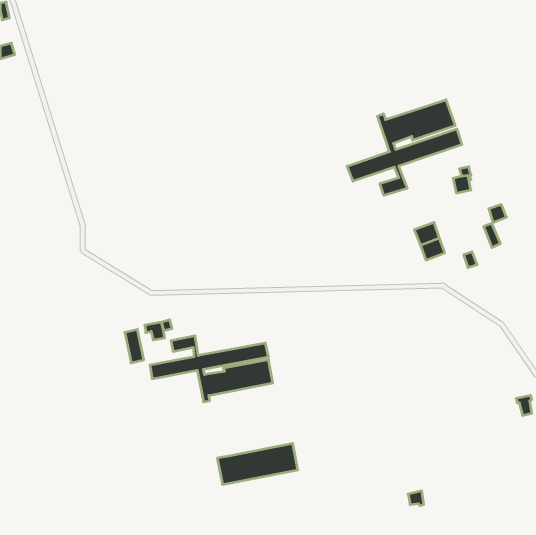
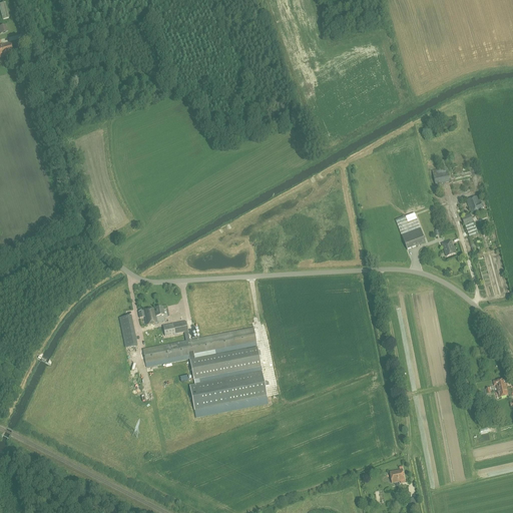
building: [347,100,462,195] -> none
building: [217,443,298,484] -> [189,371,267,410]

